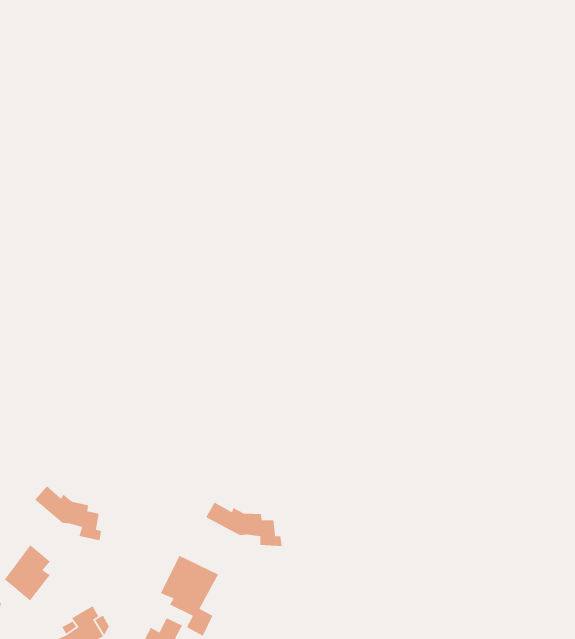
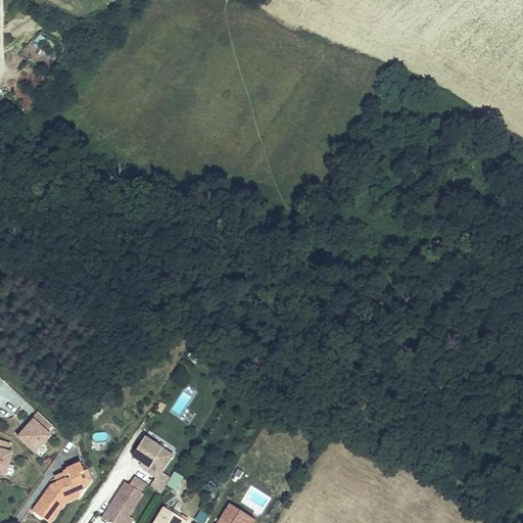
building: [34,485,102,541] -> none
building: [205,502,282,547] -> none

